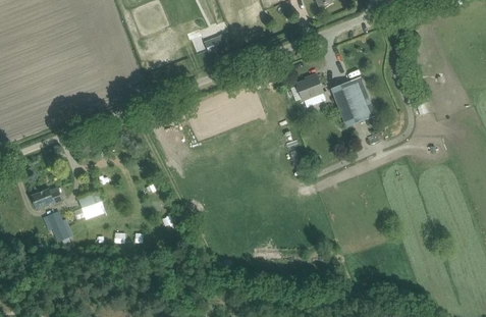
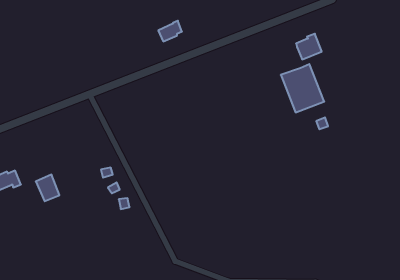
building: [295,73,322,100] -> [296,34,322,59]
building: [46,212,71,243] -> none

